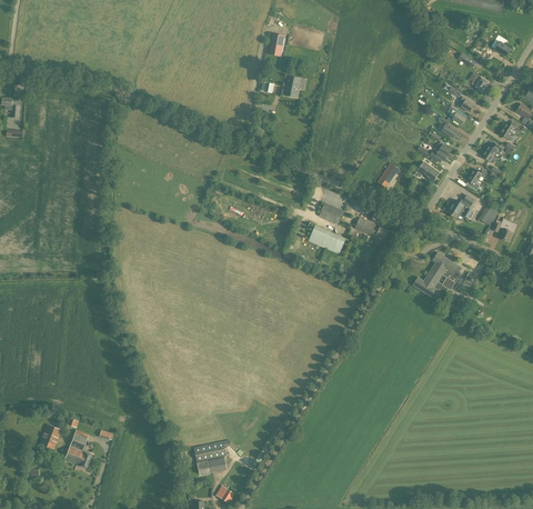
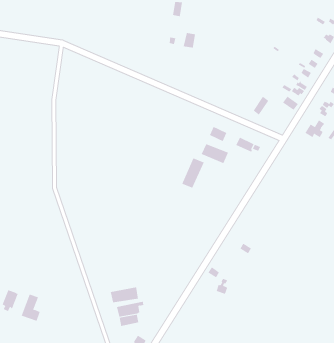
building: none -> [182,157,205,188]
building: [413,252,462,301] -> none
building: none -> [110,287,139,303]

